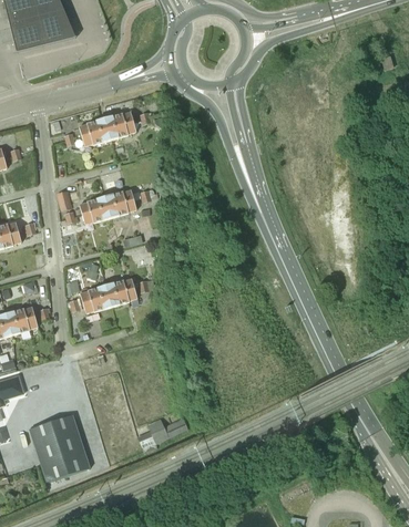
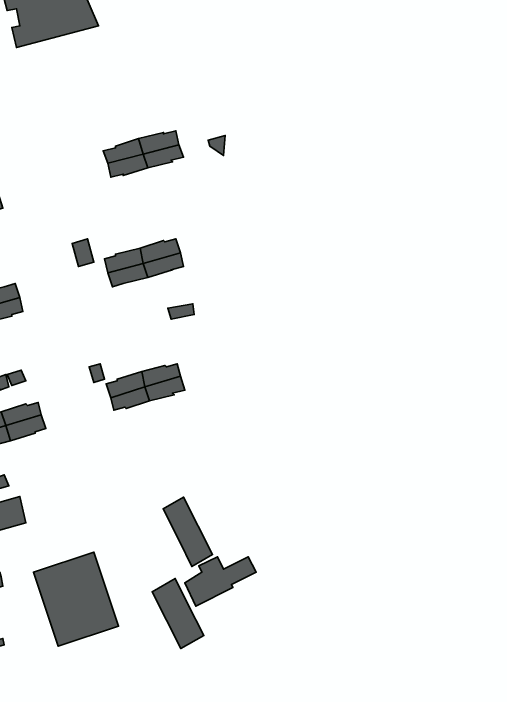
building: none -> [163,497,212,566]
building: none -> [152,579,204,649]

